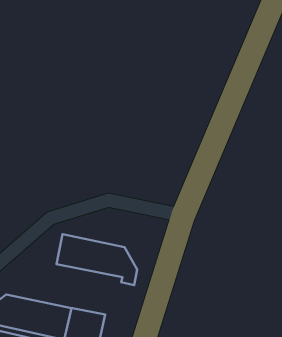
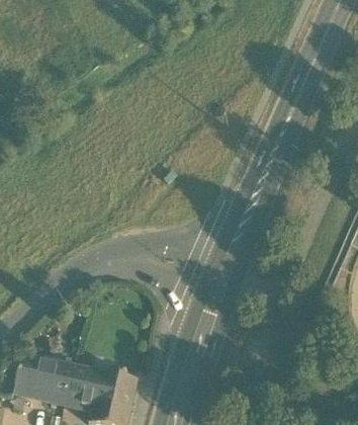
building: [57,234,137,285] -> none

